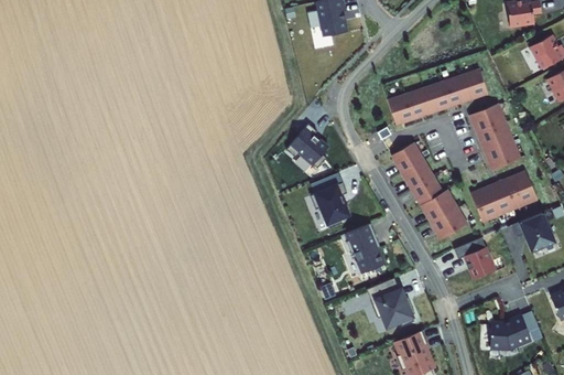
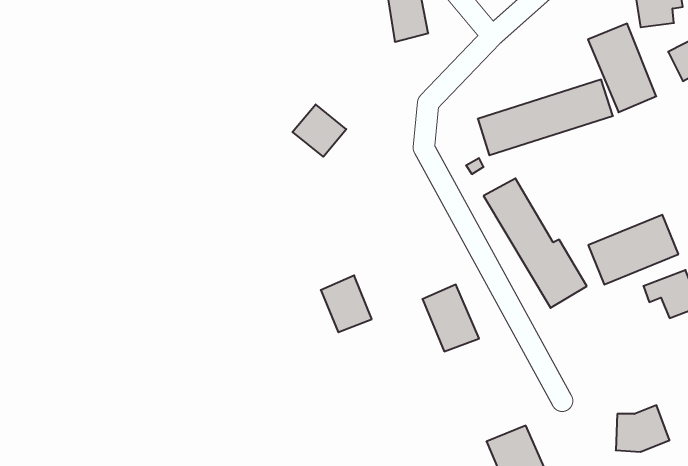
building: [470,104,522,171] -> [588,24,656,112]
building: [290,126,330,165] -> [292,104,346,157]
building: [313,181,351,224] -> [321,275,372,332]
building: [456,236,496,279] -> none
building: [368,278,416,329] -> none

